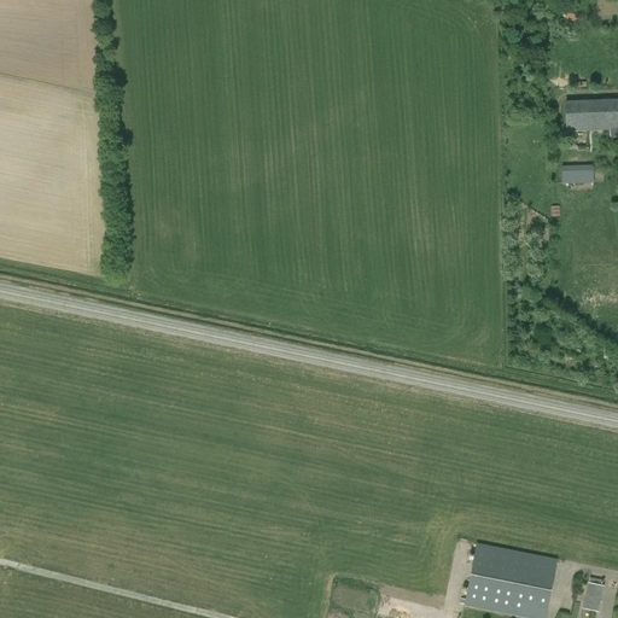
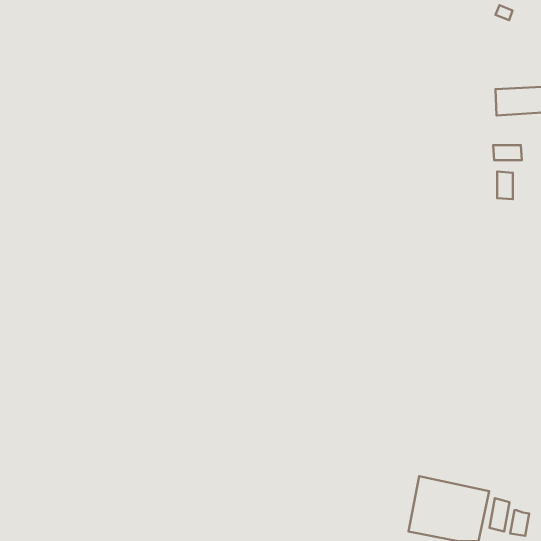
building: none -> [497,172,513,199]
building: none -> [490,498,509,532]

